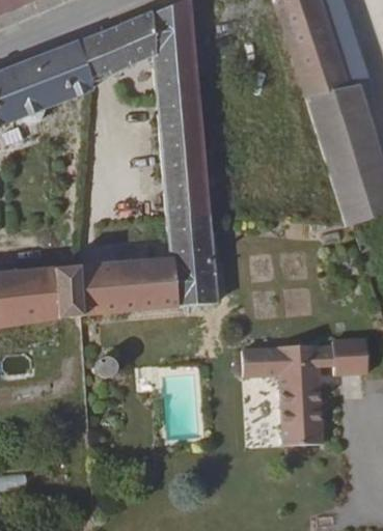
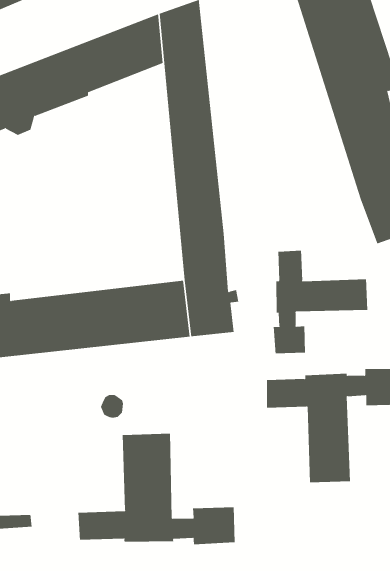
building: none -> [273,250,368,354]
building: none -> [78,433,235,545]

